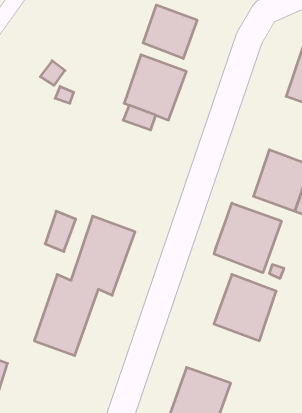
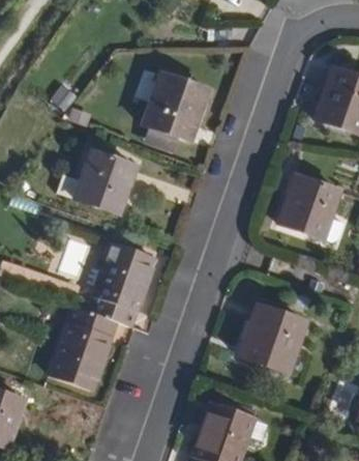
building: [143,5,197,59] -> none
building: none -> [72,150,133,214]
building: [214,203,281,273] -> none

